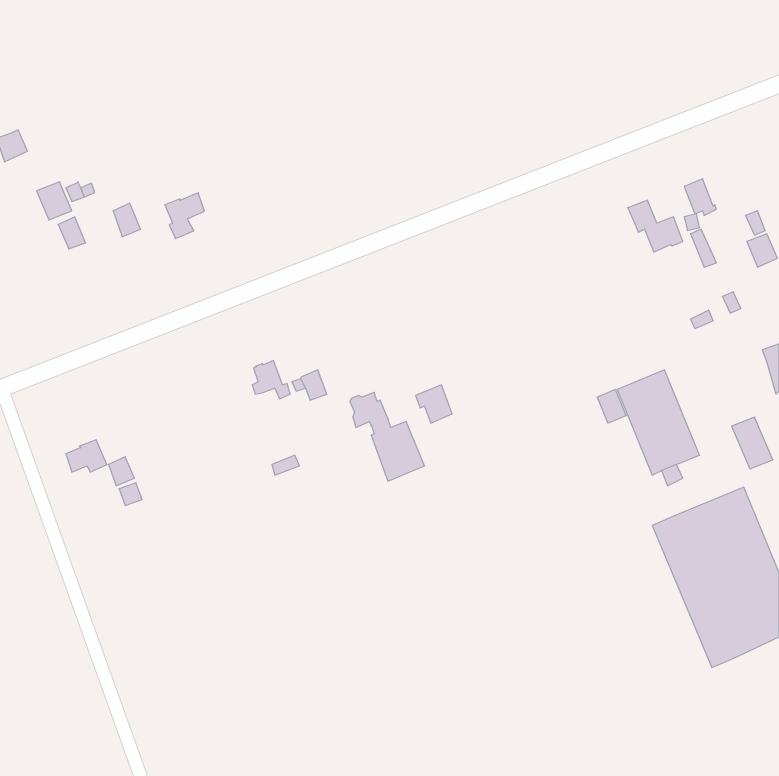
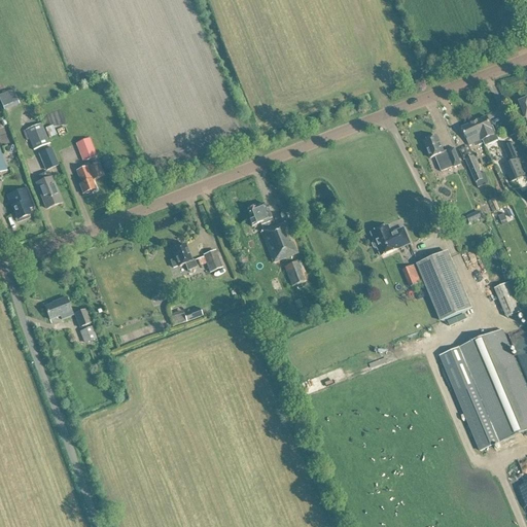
building: none -> [473,115,498,144]
building: [165,193,204,239] -> [75,162,102,192]
building: none -> [36,170,60,207]
building: none -> [12,184,33,220]
building: none -> [372,224,409,254]
building: [350,392,425,481] -> [246,202,296,261]

